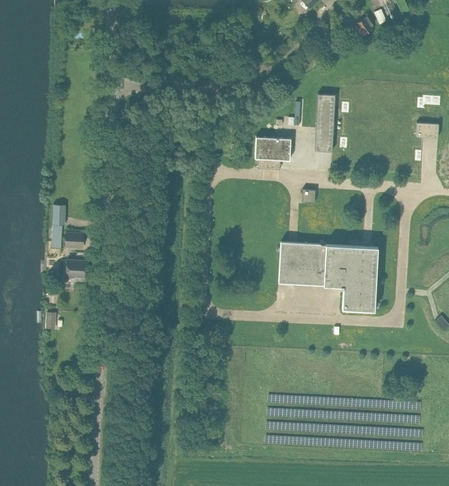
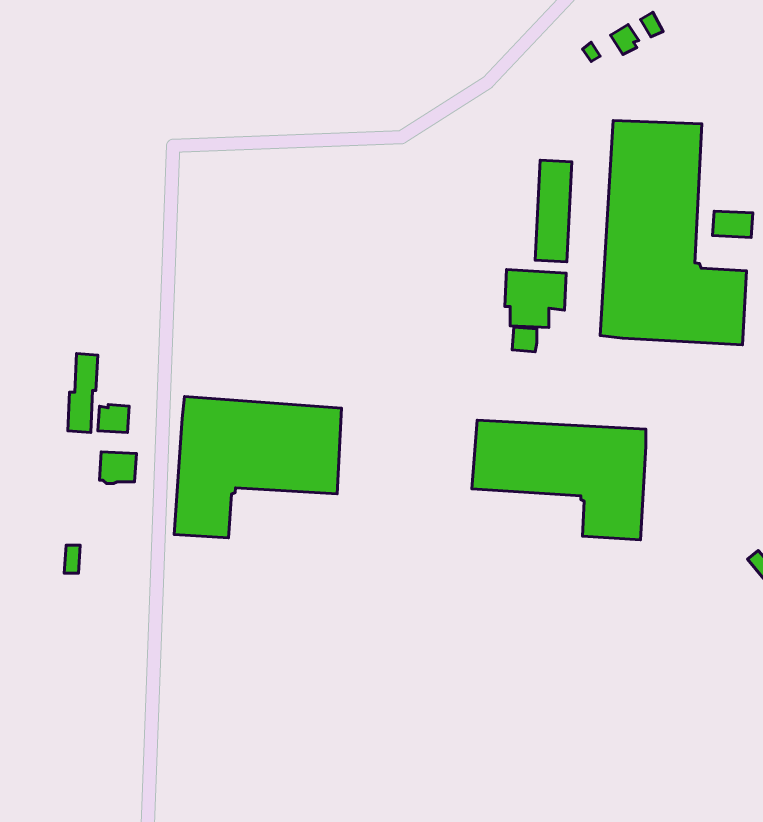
building: none -> [600,121,746,345]
building: [255,137,290,170] -> [505,270,566,328]
building: none -> [174,397,342,538]

